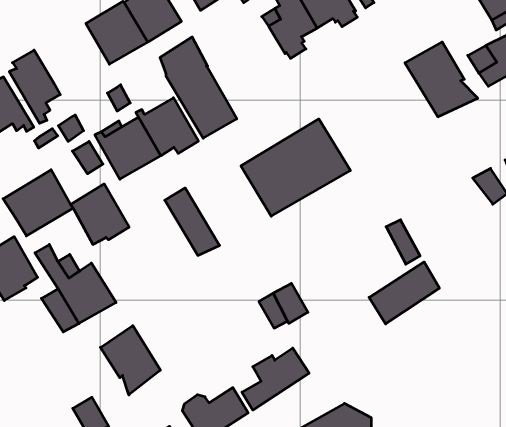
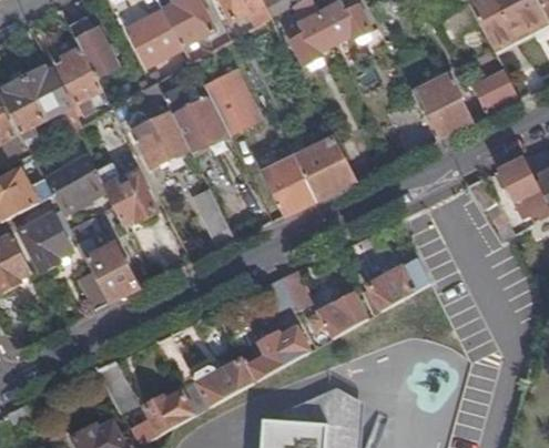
building: none -> [68,16,118,79]
building: none -> [307,294,366,338]
building: [100,326,160,395] -> none

